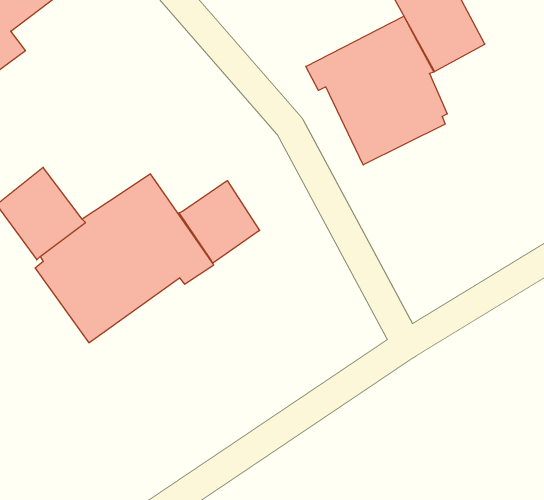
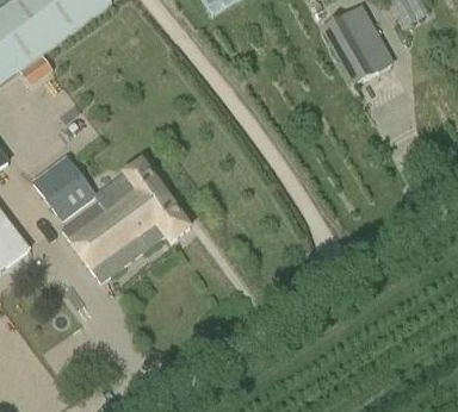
building: [306,16,447,165] -> none
building: [179,181,260,263] -> none

